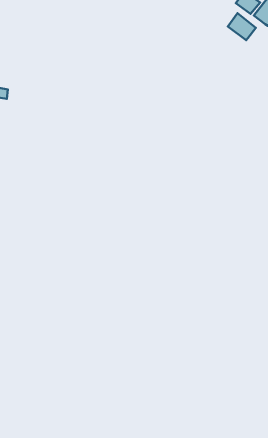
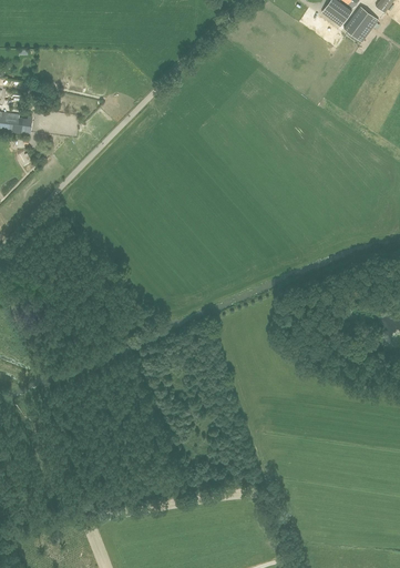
building: [228,13,256,40] -> none

